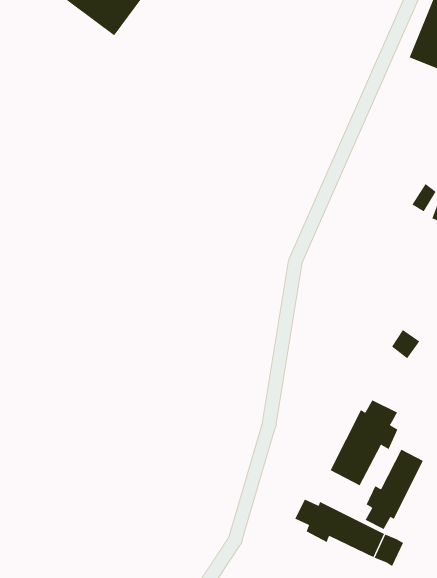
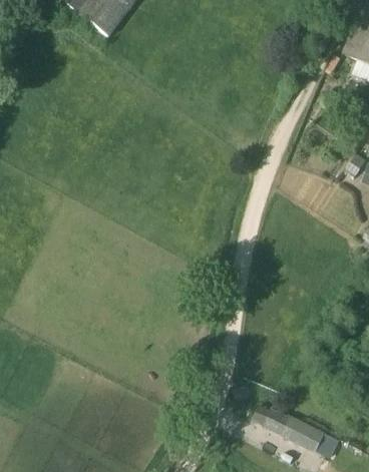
building: [330,399,398,486] -> none
building: [365,449,423,530] -> none

